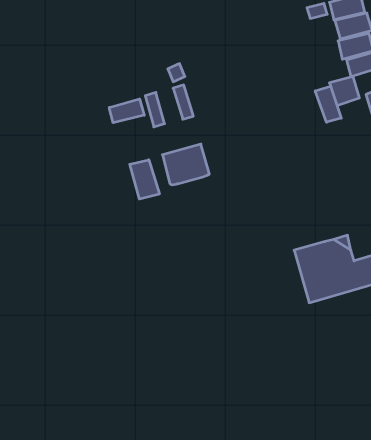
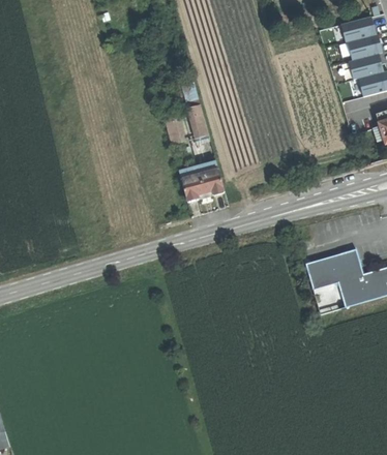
building: [315,86,341,122] -> none
building: [109,99,144,123] -> none
building: [130,160,159,199] -> none

